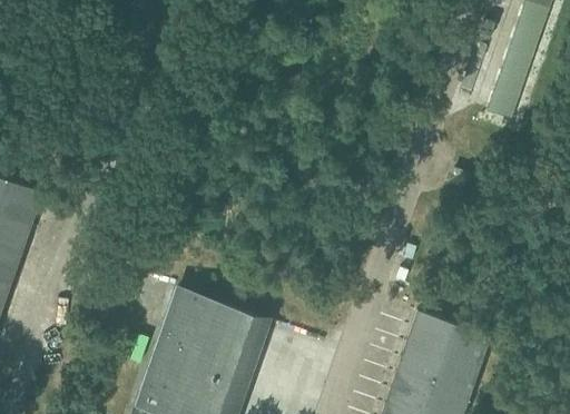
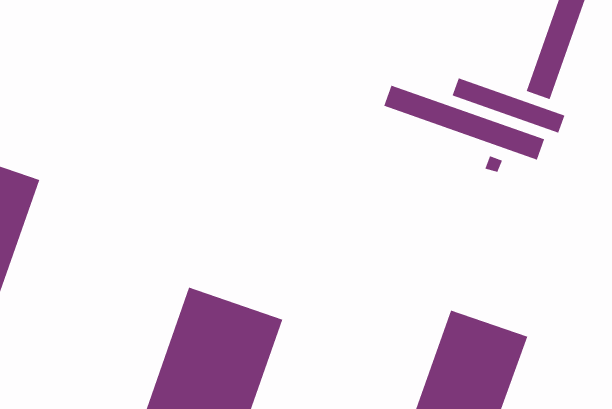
building: none -> [452,77,565,134]
building: none -> [384,85,545,161]

